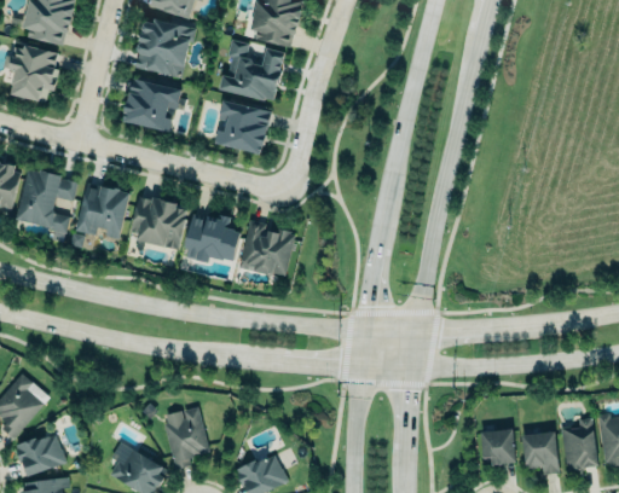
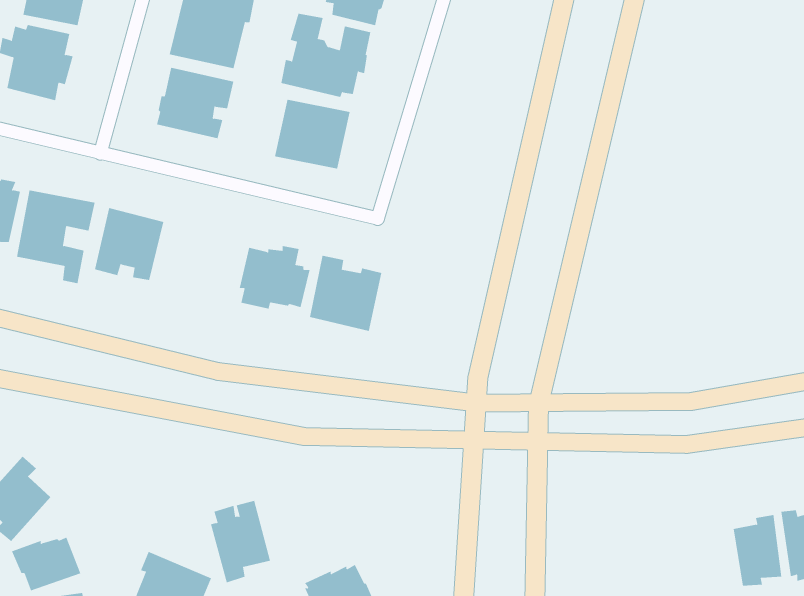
building: [129,197,187,250] -> none
building: [481,428,516,464] -> none
building: [523,431,560,474] -> none

